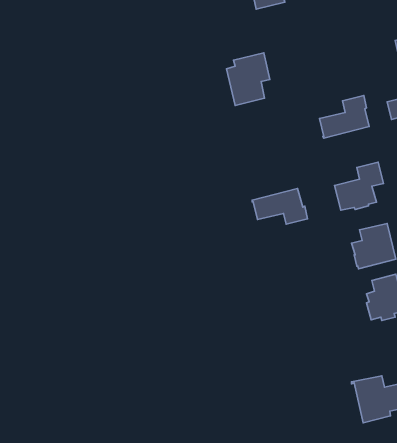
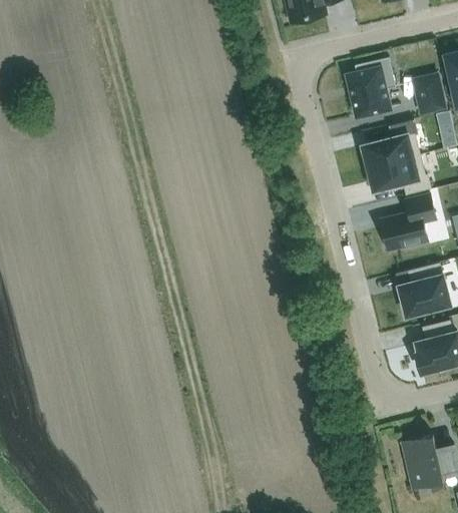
building: [226,53,270,105] -> [346,58,395,117]
building: none -> [413,75,444,113]
building: [252,189,307,224] -> [368,155,430,195]

